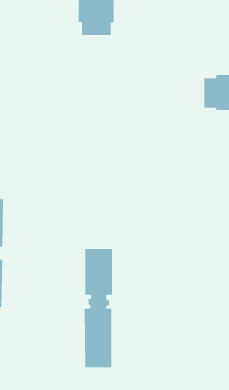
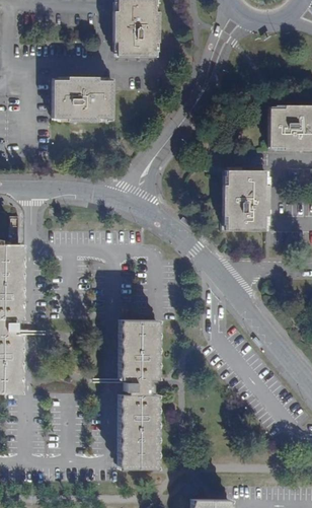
building: none -> [54,75,114,122]
building: none -> [223,169,268,230]

